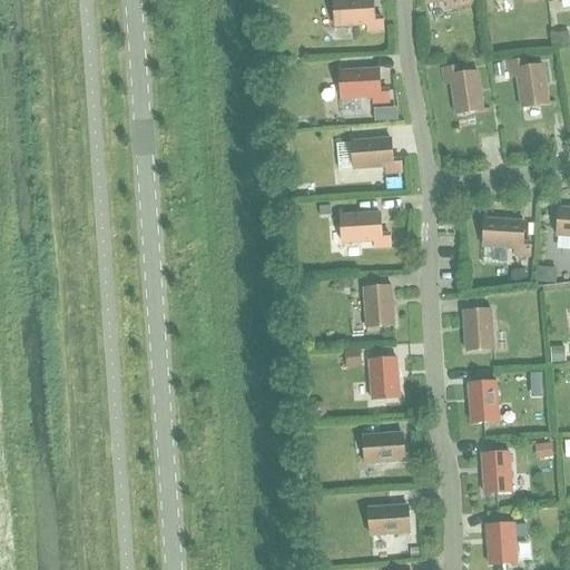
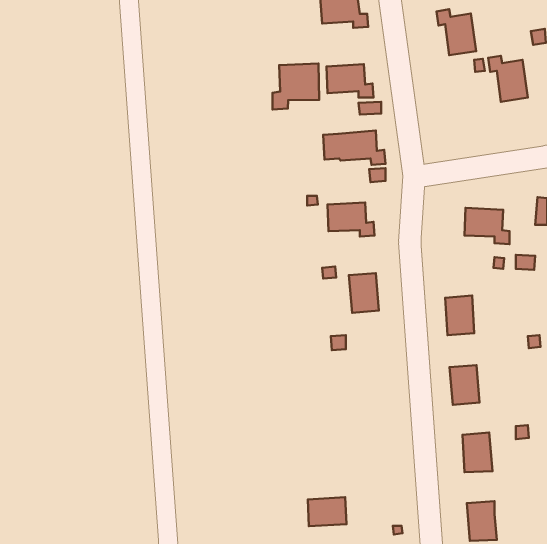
building: [442,65,483,112] -> [436,9,476,55]
building: none -> [272,64,319,109]
building: [368,356,400,397] -> none
building: [363,431,404,462] -> none
building: [368,503,409,533] -> [308,497,346,526]

